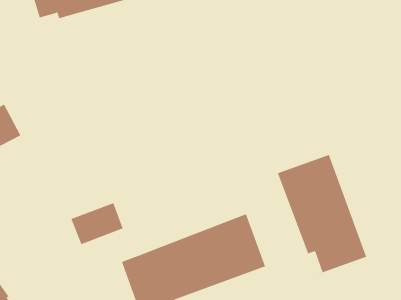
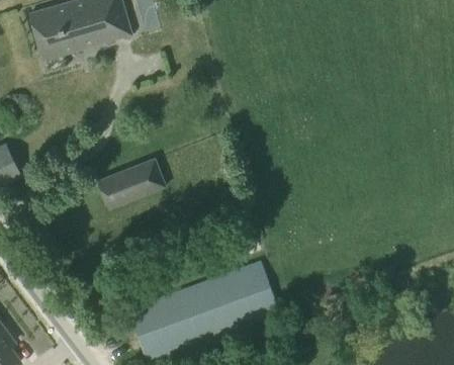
building: [277,154,367,276] -> none
building: [70,202,123,245] -> [99,163,155,207]

